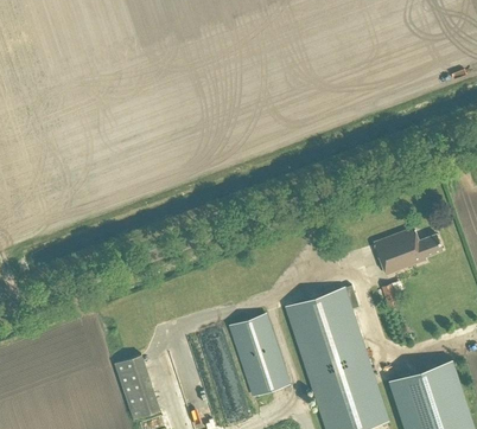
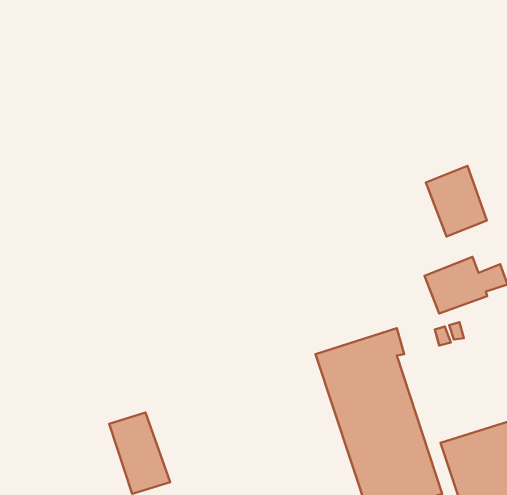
building: none -> [426,166,487,236]
building: [230,314,291,398] -> none

